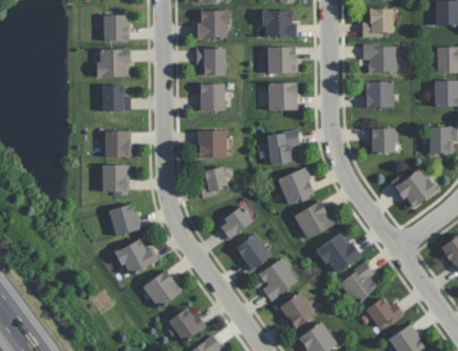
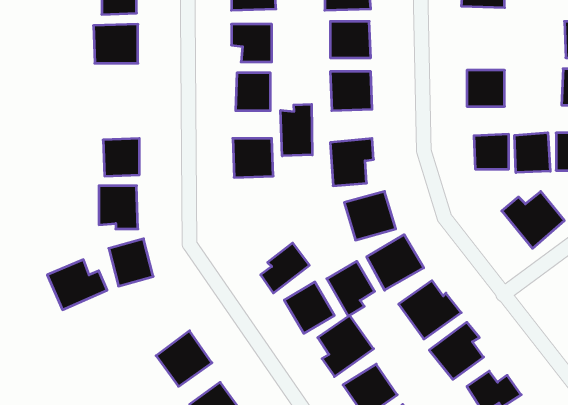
building: [362,45,395,73] -> none
building: [102,84,130,111] -> none
building: none -> [281,104,312,156]
building: none -> [515,133,550,173]
building: [199,166,228,196] -> none
building: none -> [327,261,375,316]
building: [115,239,158,275] -> [47,260,107,310]

